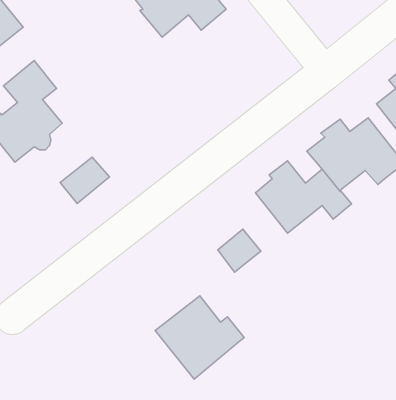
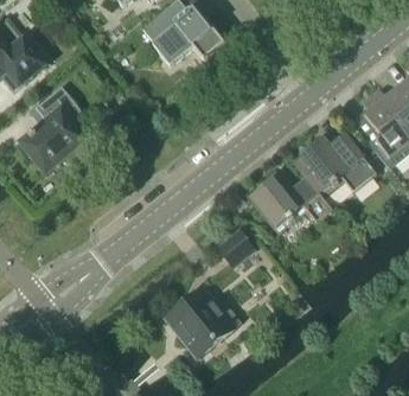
building: [60,157,110,203] -> none

